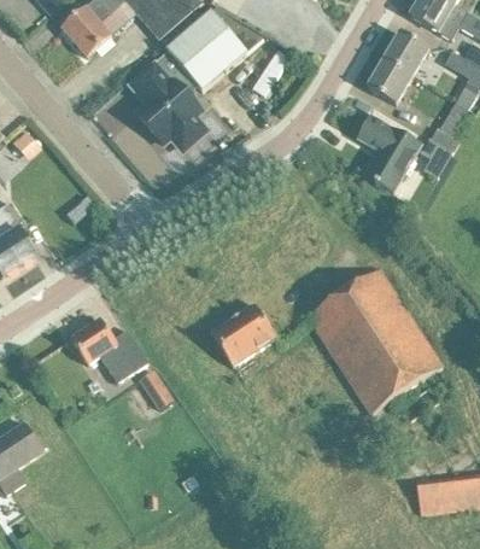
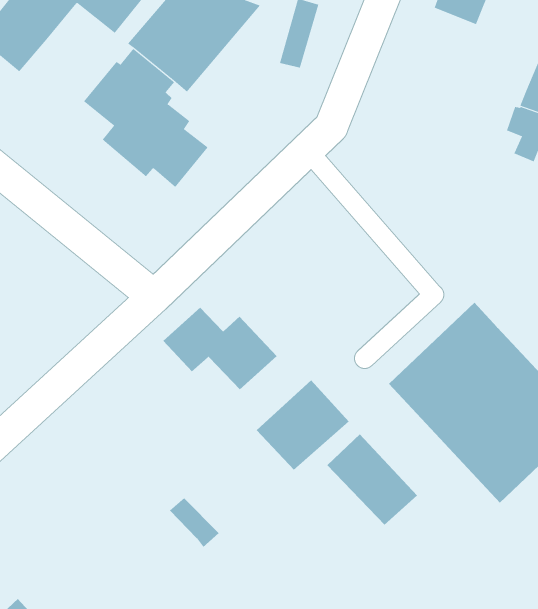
building: [367,59,411,104] -> none
building: [358,117,418,189] -> none
building: [70,319,148,381] -> [163,307,277,390]
building: none -> [326,433,418,525]

